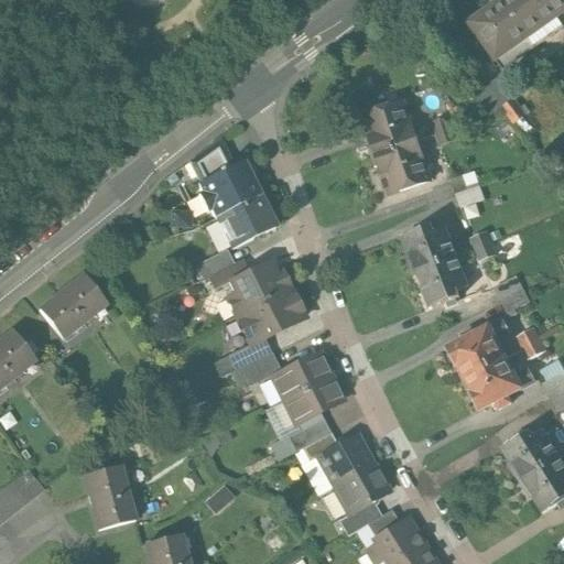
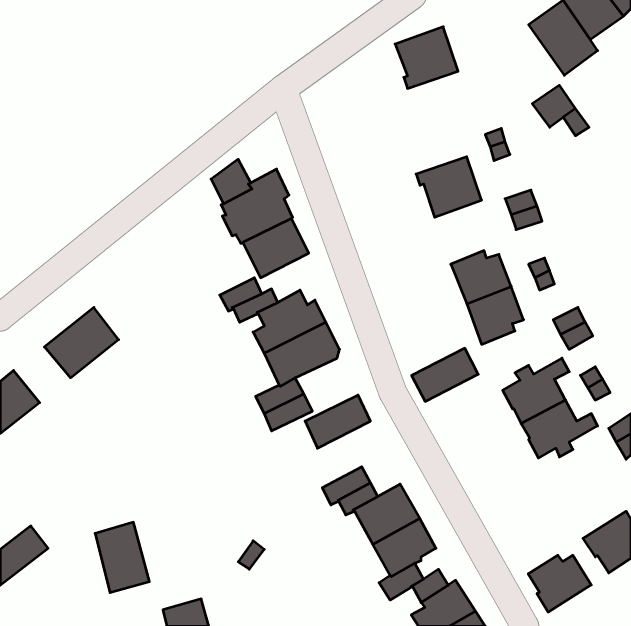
building: [360,100,416,155] -> [395,27,458,88]
building: [283,376,343,423] -> [412,348,478,401]
building: [502,430,558,480] -> [528,555,591,612]

